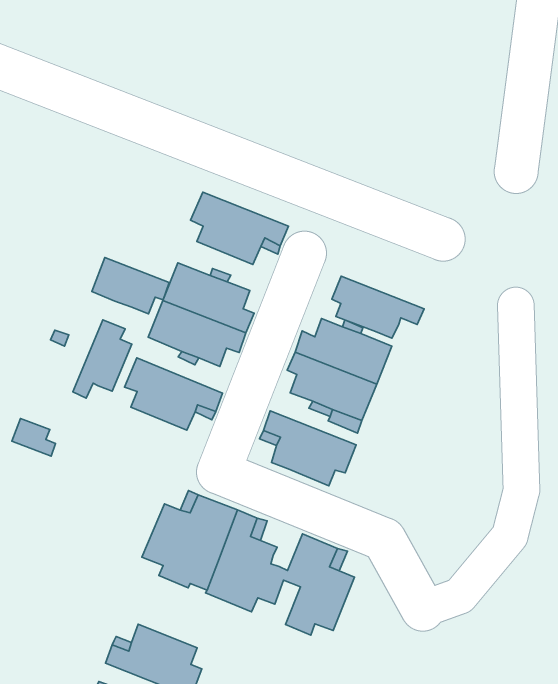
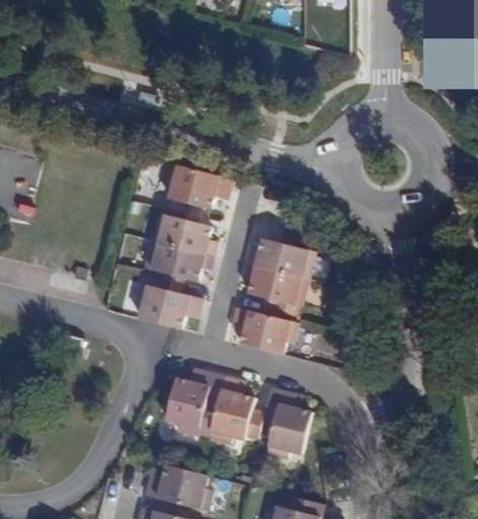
building: [92,257,169,314] -> none
building: [332,276,424,338] -> none
building: [73,320,132,398] -> none

